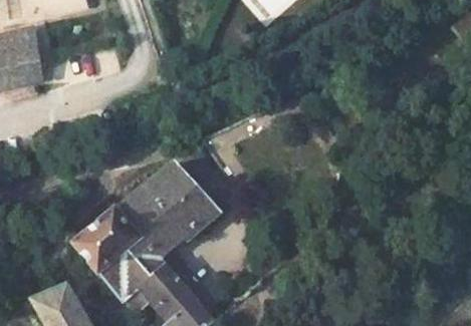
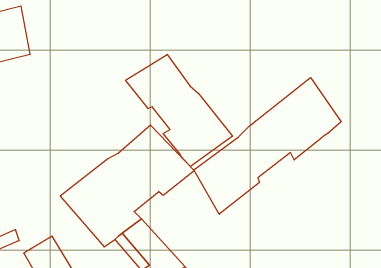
building: none -> [126,54,233,167]
building: none -> [194,78,341,214]

